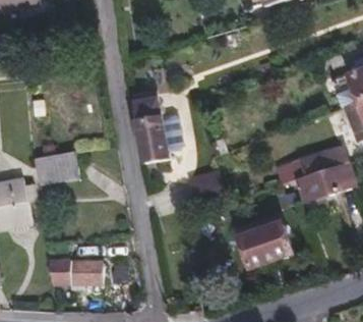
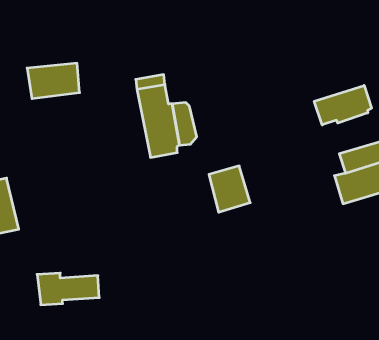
building: none -> [314,85,372,125]
building: [33,150,76,179] -> [27,63,80,99]
building: [240,223,291,267] -> none

